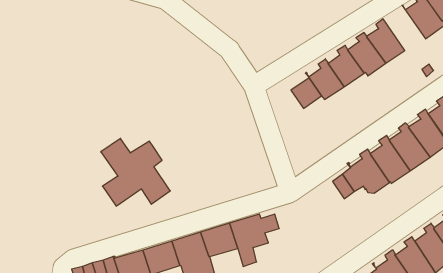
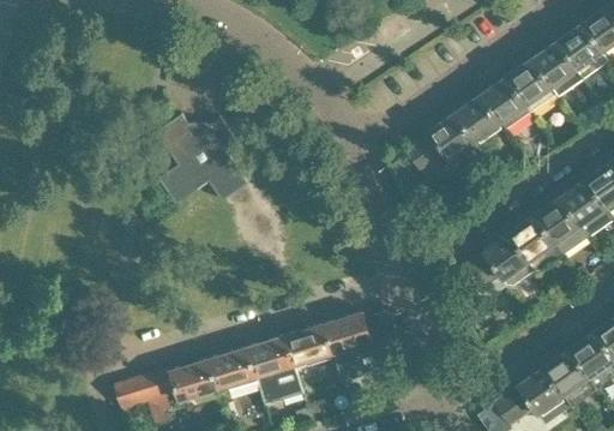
building: none -> [528,35,584,96]
building: [101,138,170,206] -> [156,114,248,204]

